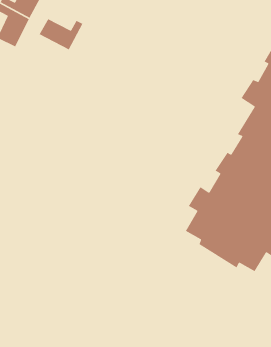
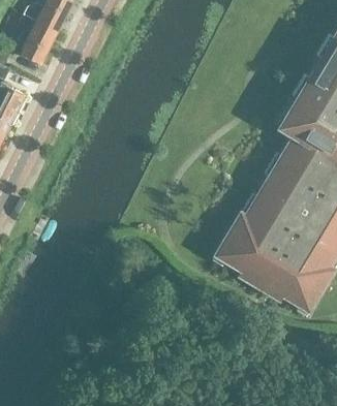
building: [39,18,83,51] -> none

